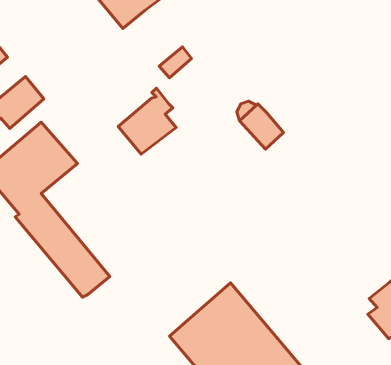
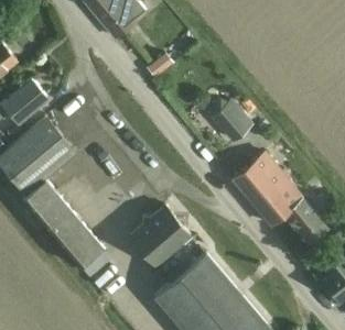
building: [118,88,176,154] -> none
building: none -> [234,155,328,245]
building: none -> [136,208,200,273]

